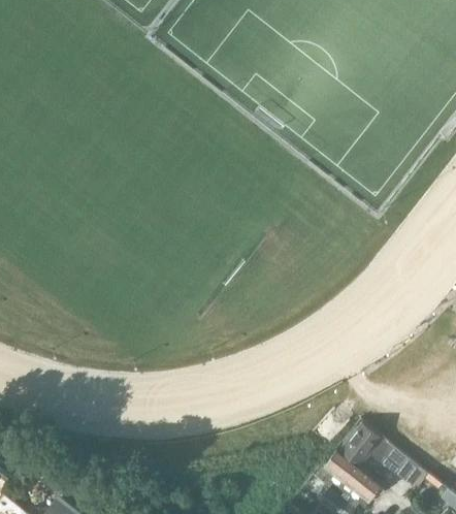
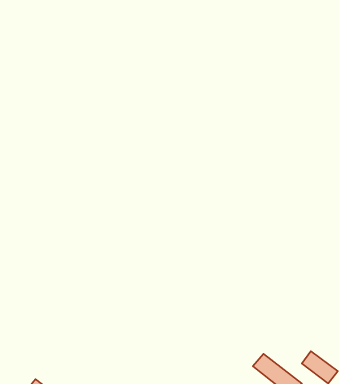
building: [341,426,382,469] -> none

